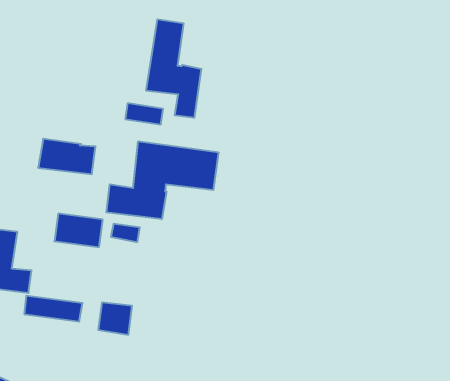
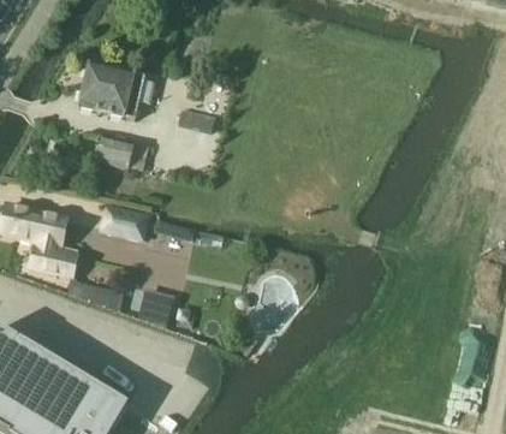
building: [146,19,201,118] -> none
building: none -> [79,61,145,119]
building: [106,141,218,219] -> none

